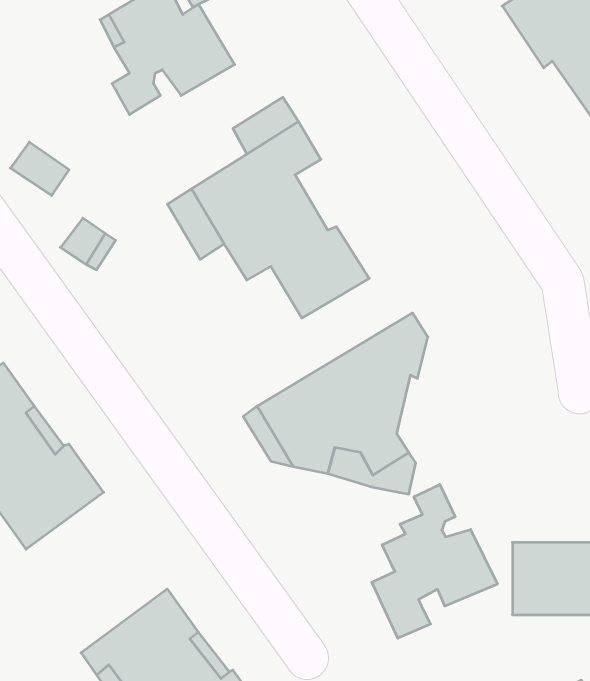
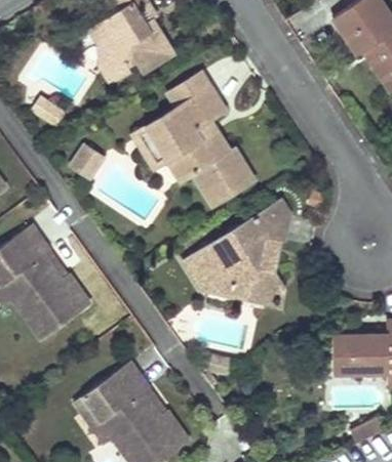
building: [372,484,497,638] -> none

